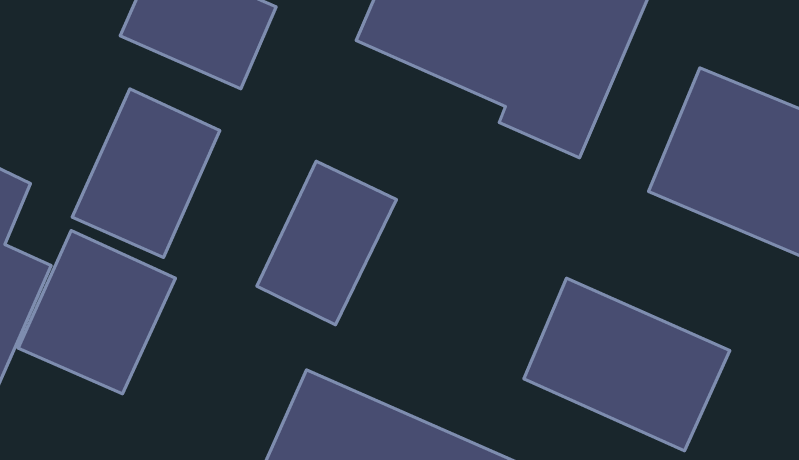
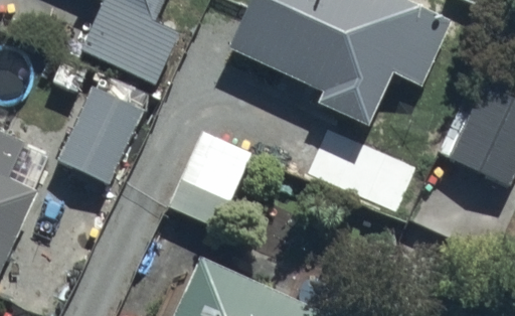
building: [18,230,176,394] -> none
building: [524,278,730,451] -> none

